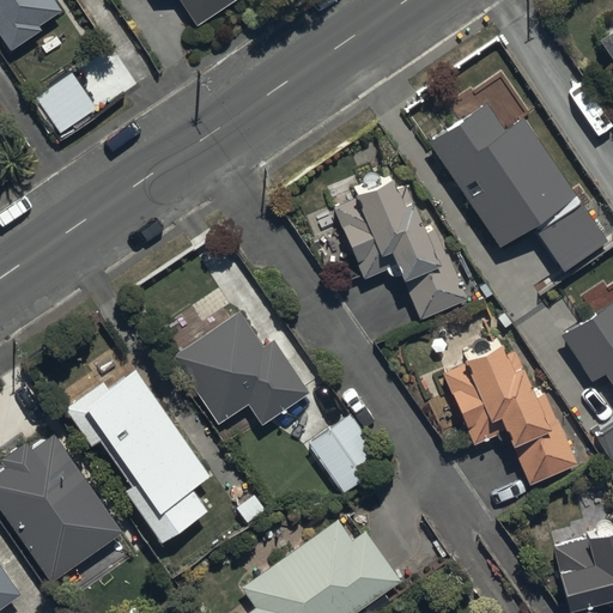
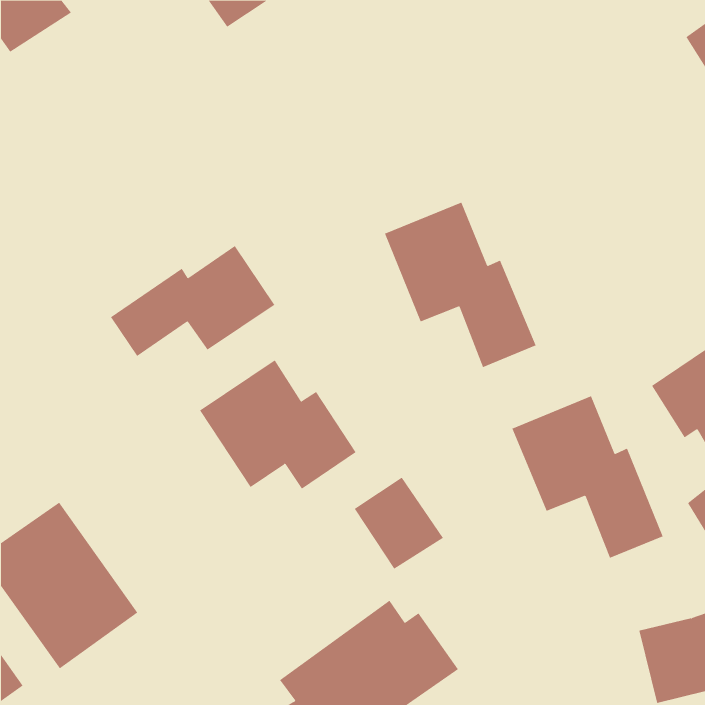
building: [37,72,97,133] -> none
building: [429,103,607,271] -> none
building: none -> [110,245,275,357]
building: [65,371,211,544] -> none

